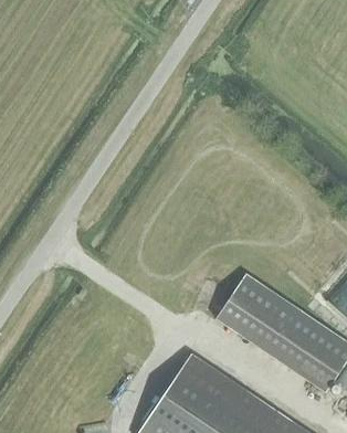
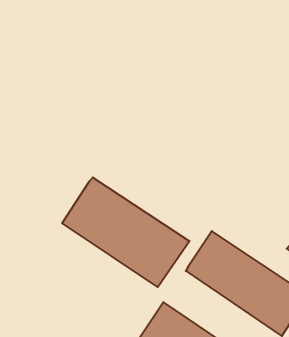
building: none -> [62,177,190,287]

